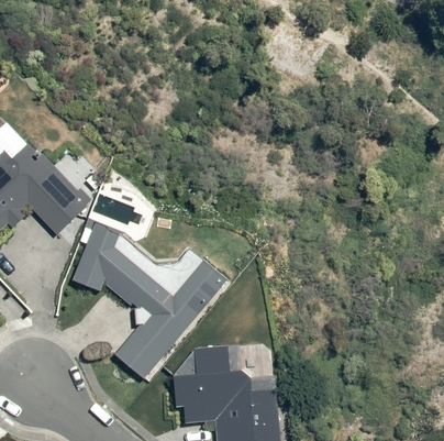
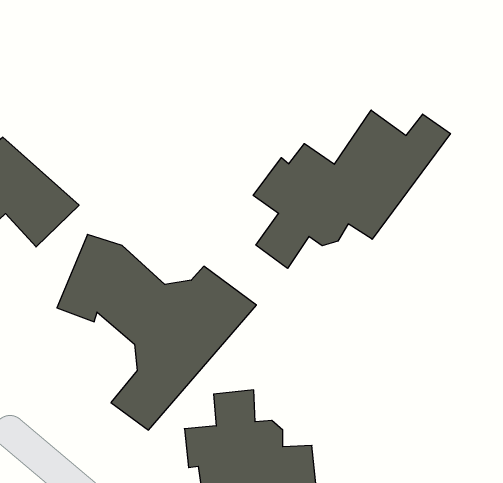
building: none -> [253,110,450,268]

